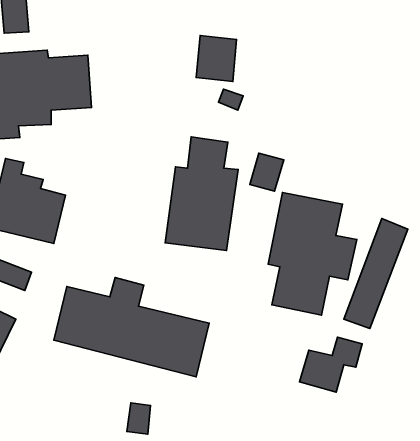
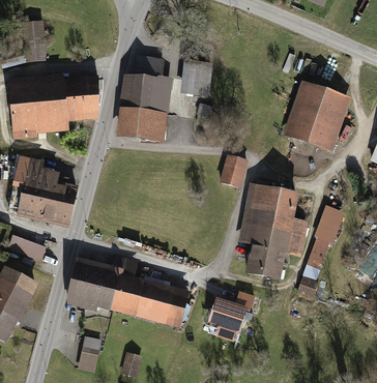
building: none -> [283,80,351,151]
building: [165,137,238,251] -> [116,51,174,141]
building: [300,337,362,392] -> [207,287,257,330]
building: none -> [77,332,103,370]

